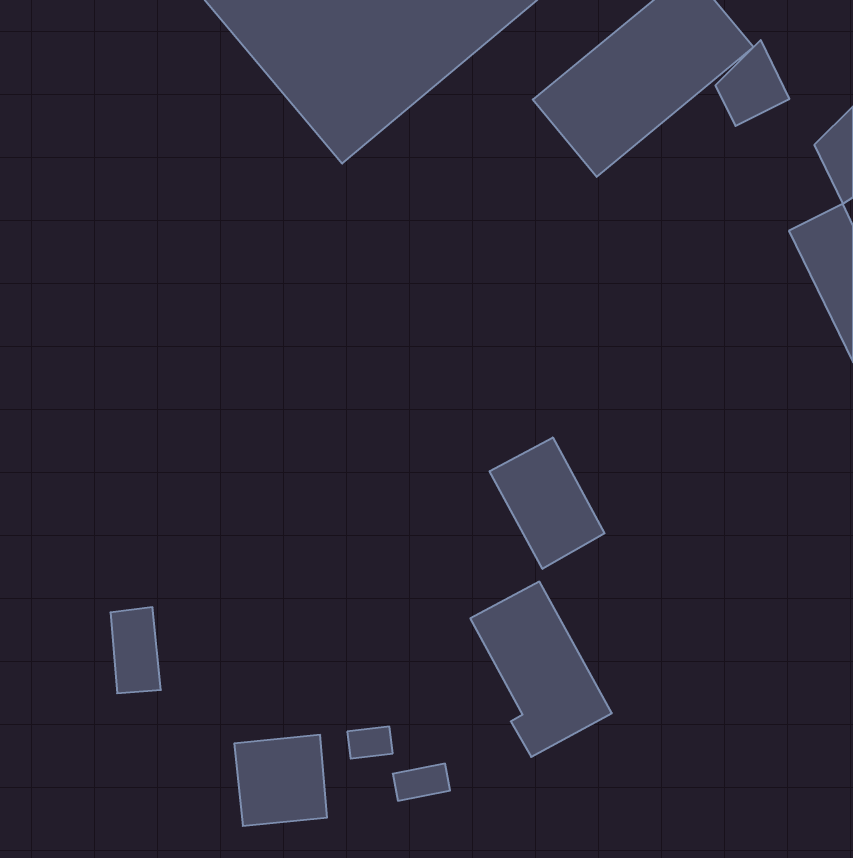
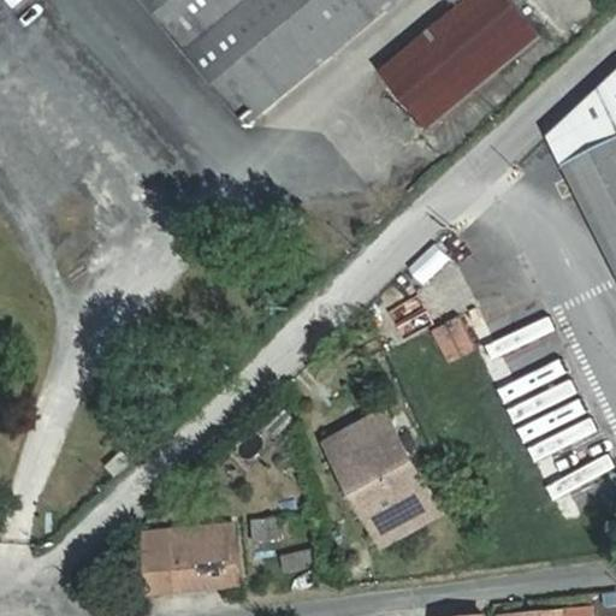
building: [715,40,789,126] -> [549,103,602,165]
building: [490,437,605,569] -> none
building: [110,607,161,693] -> [137,531,173,592]

